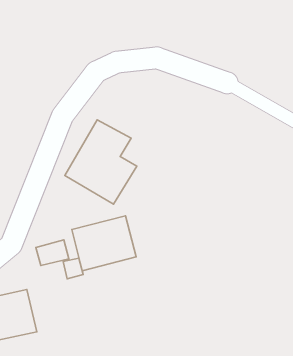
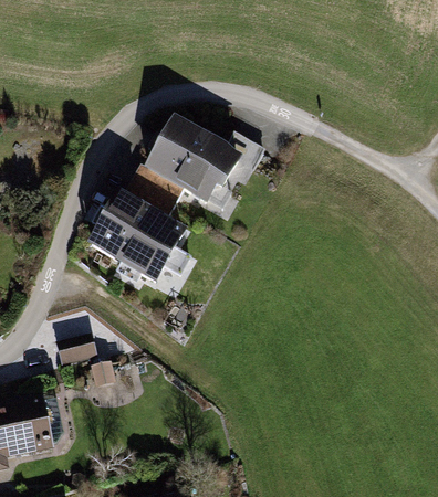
building: none -> [139,112,261,210]
building: [72,216,136,271] -> none

